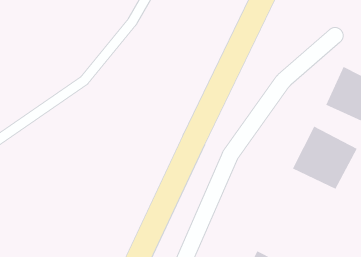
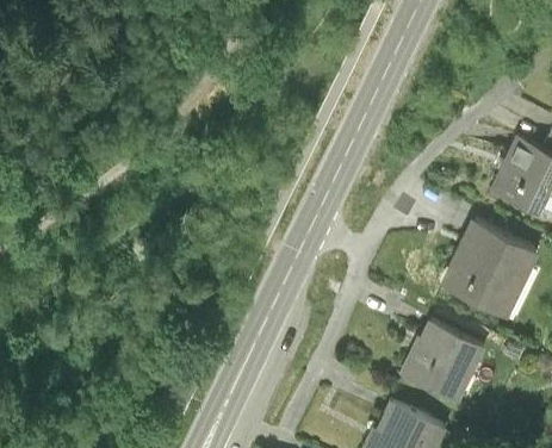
building: none -> [401,322,484,403]

